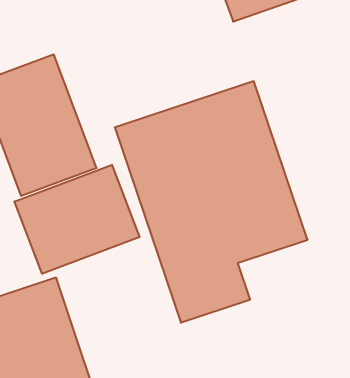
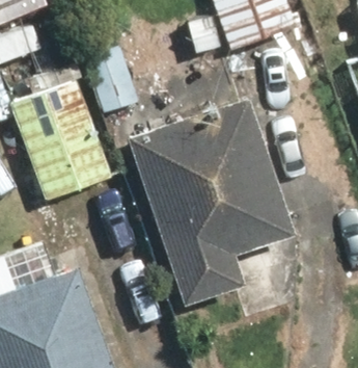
building: [14,165,140,274] -> none

